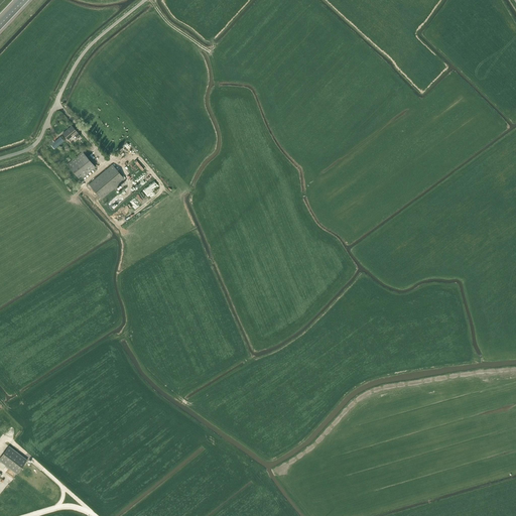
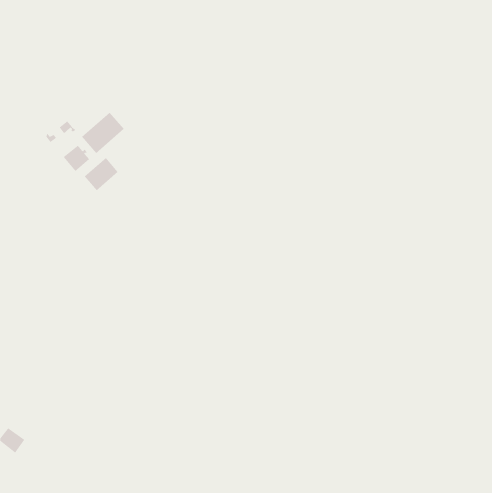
building: none -> [81,112,125,154]

